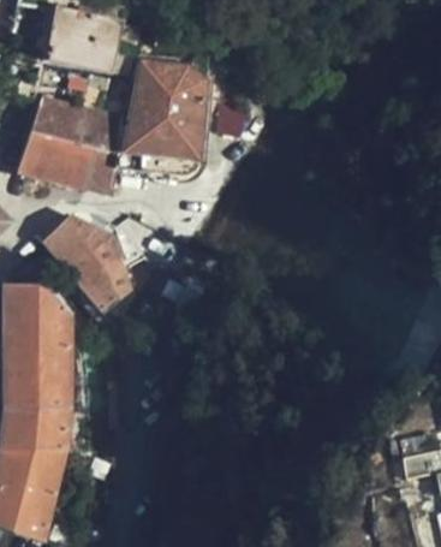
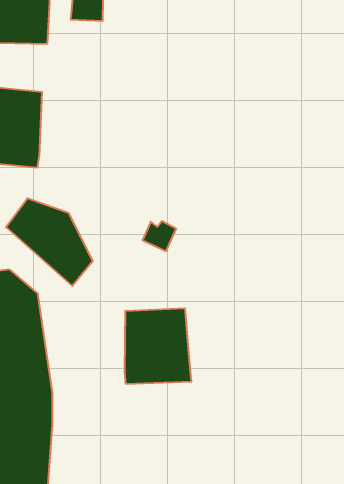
building: [87,59,207,195] -> none
building: none -> [125,308,191,384]

